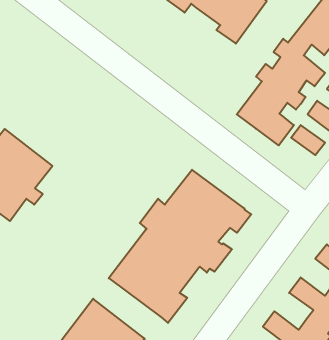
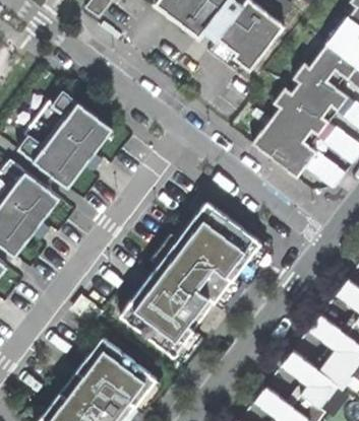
building: none -> [17,91,113,188]

